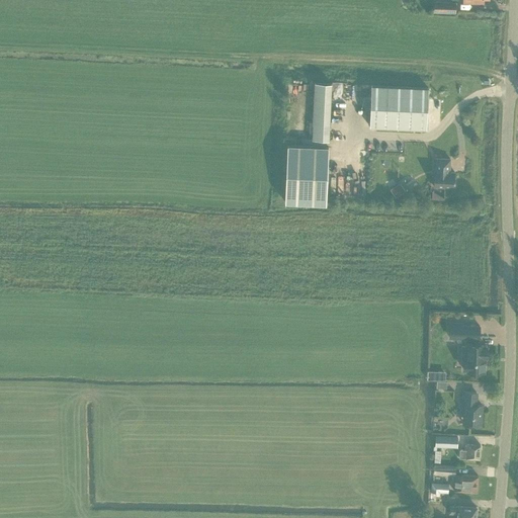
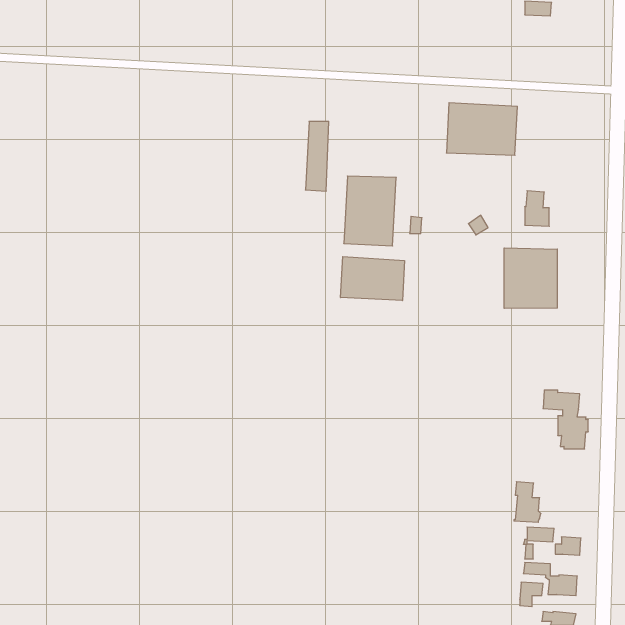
building: [312,83,331,141] -> [305,121,329,191]
building: none -> [504,248,557,308]
building: none -> [341,257,404,301]
building: [460,392,483,425] -> [514,482,541,522]

